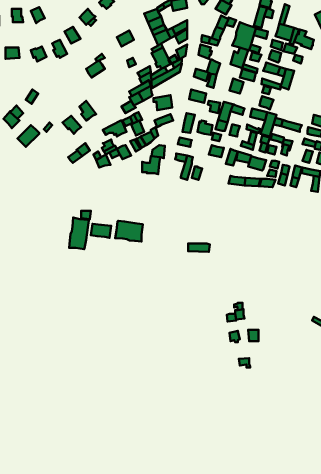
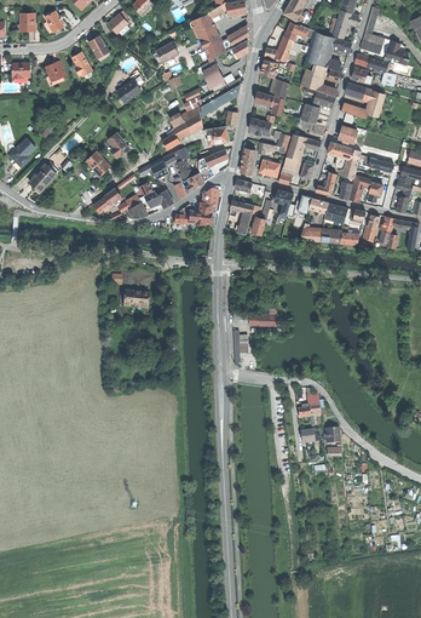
building: [69,218,89,249] -> none
building: [115,221,143,242] -> none

